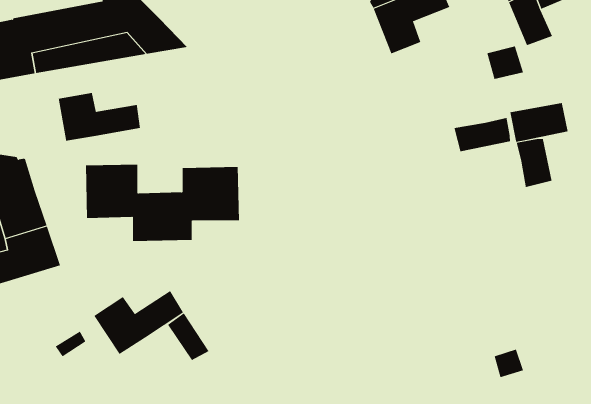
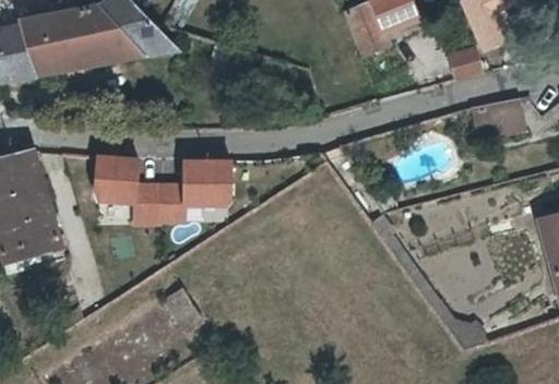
building: [58,92,141,142] -> none
building: [454,117,510,152] -> none
building: [516,138,552,188] -> none
building: [93,290,184,355] -> none

